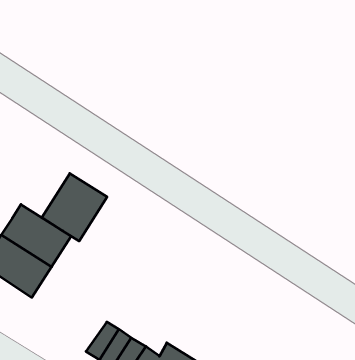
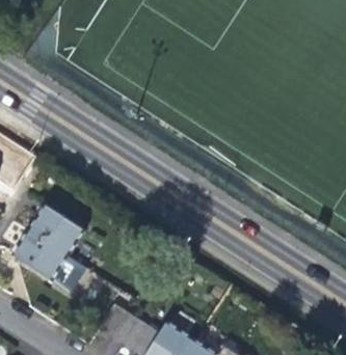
building: [42,173,107,241] -> none

